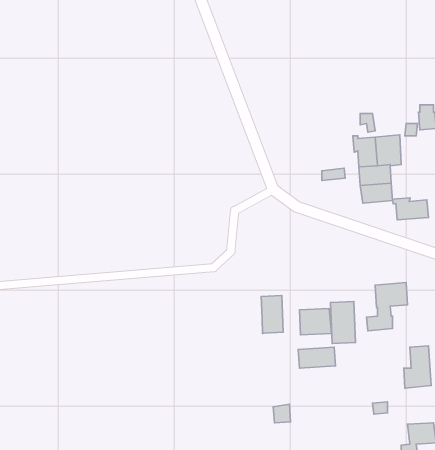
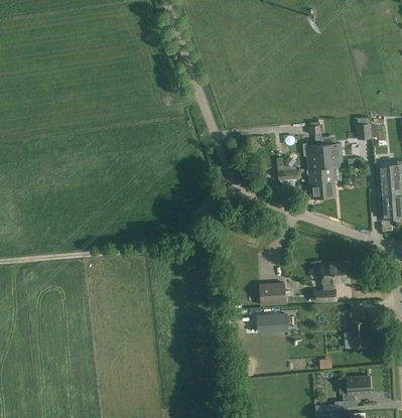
building: [392,198,429,220] -> none
building: [261,295,283,333] -> none
building: [330,302,356,343] -> none

